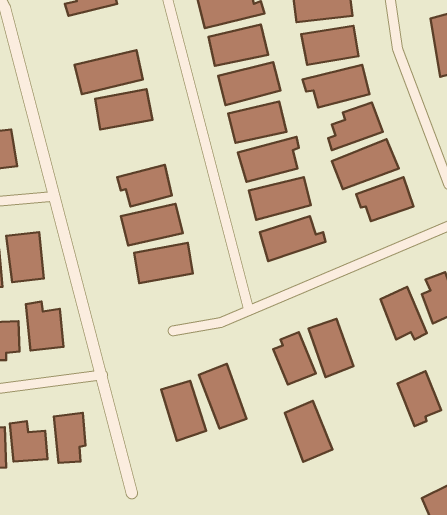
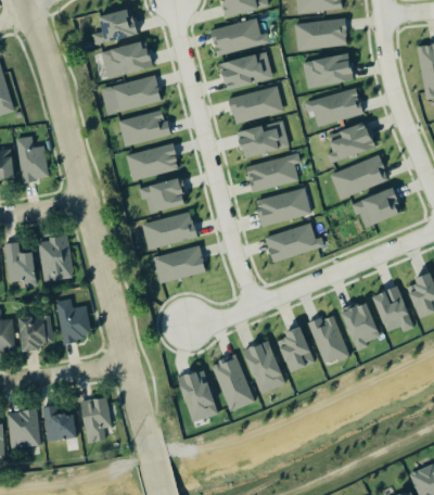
building: none -> [100,40,152,78]
building: none -> [125,143,179,180]
building: [397,371,441,426] -> [341,302,380,351]
building: [285,401,332,462] -> [243,340,285,394]

